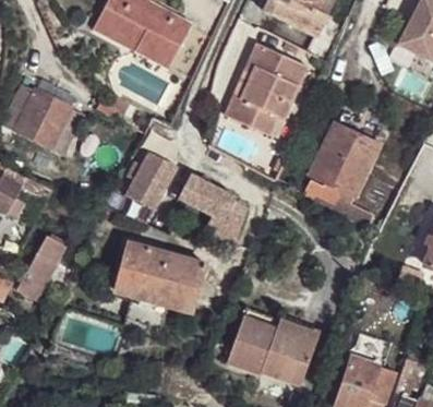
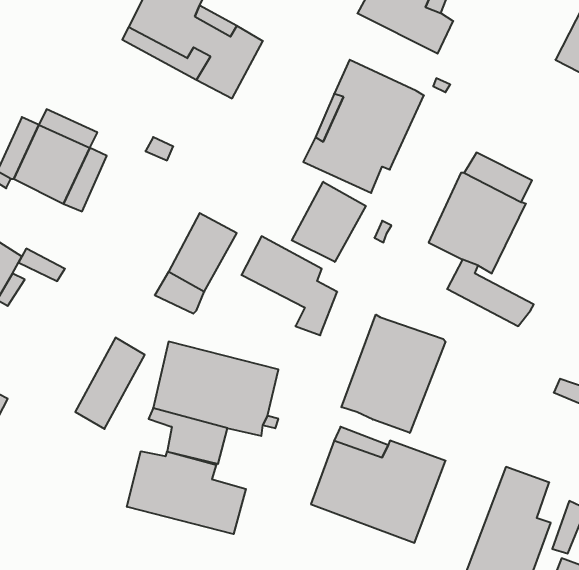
building: none -> [292,182,366,262]
building: none -> [341,315,445,433]
building: [19,235,68,299] -> [75,338,145,429]
building: none -> [127,451,246,534]

